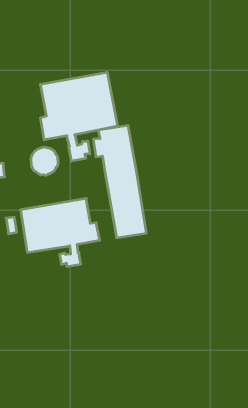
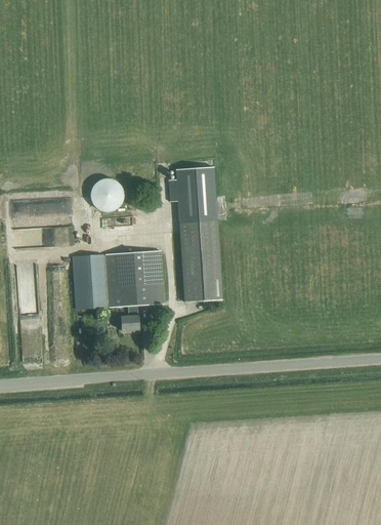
building: [40,72,118,161] -> none

